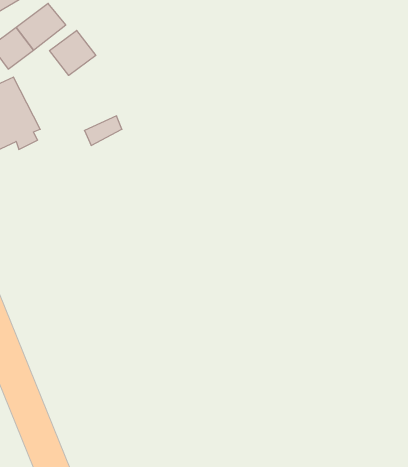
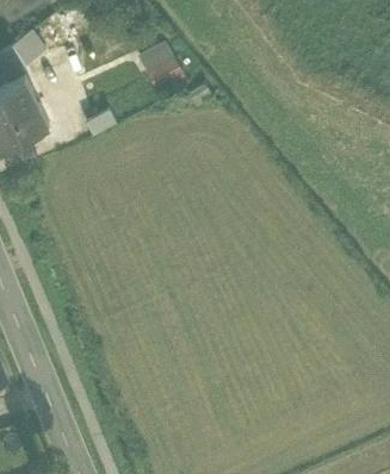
building: [50,30,96,75] -> none
building: none -> [140,40,185,91]

